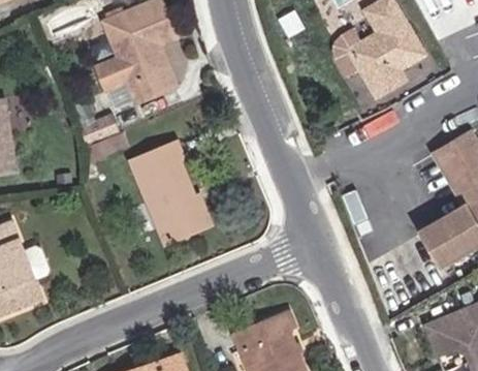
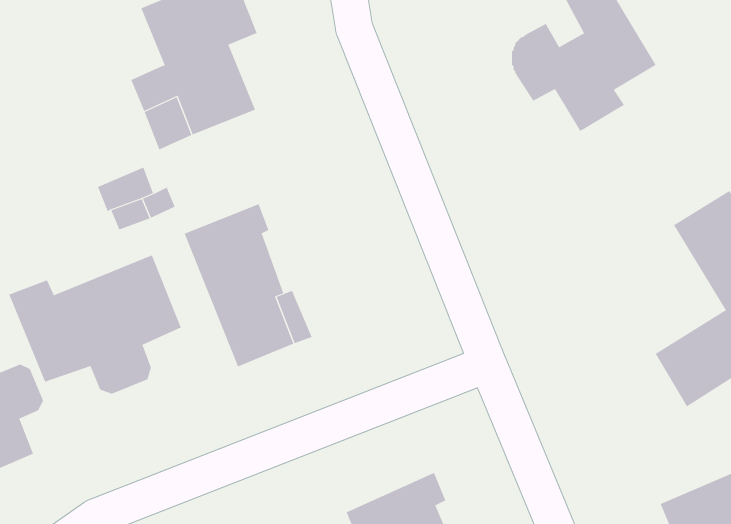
building: none -> [9,254,181,394]

